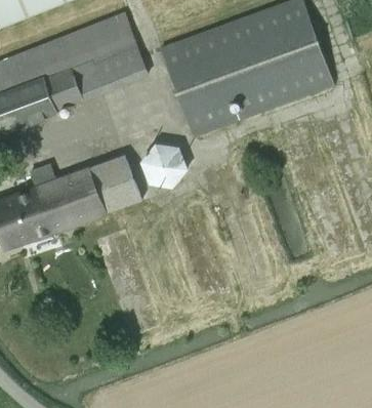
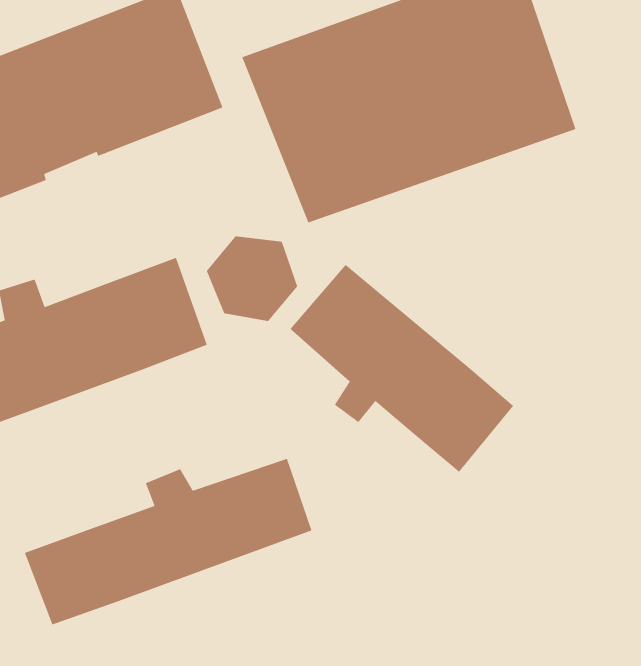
building: none -> [290,264,514,473]
building: none -> [24,458,312,626]

